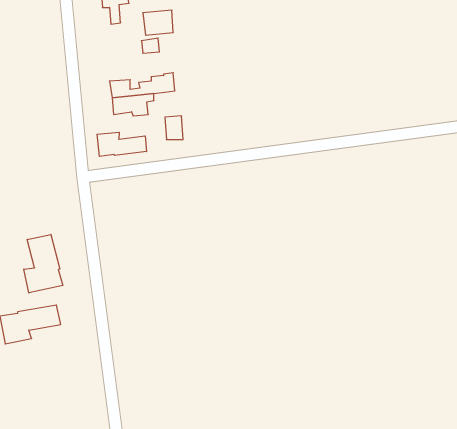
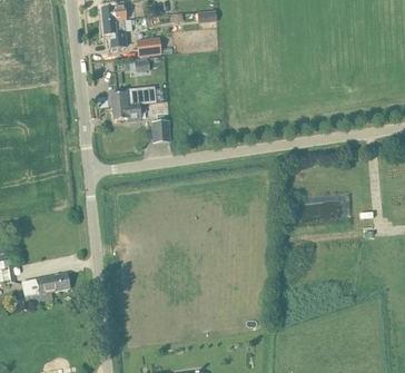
building: [97,132,146,156] -> none
building: [24,234,63,293] -> none

